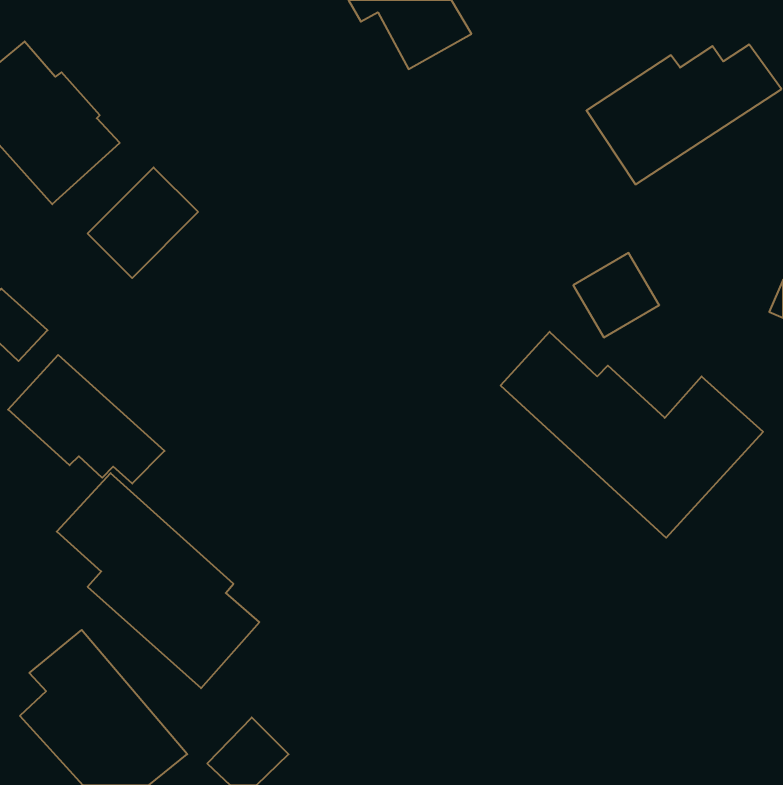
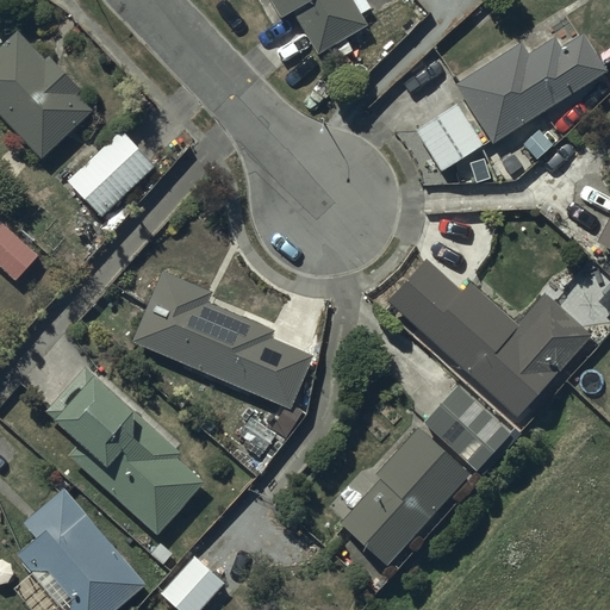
building: [573,253,659,337] -> [416,105,483,170]
building: none -> [132,270,311,409]
building: [8,355,165,484] -> none
building: none -> [342,386,510,565]

